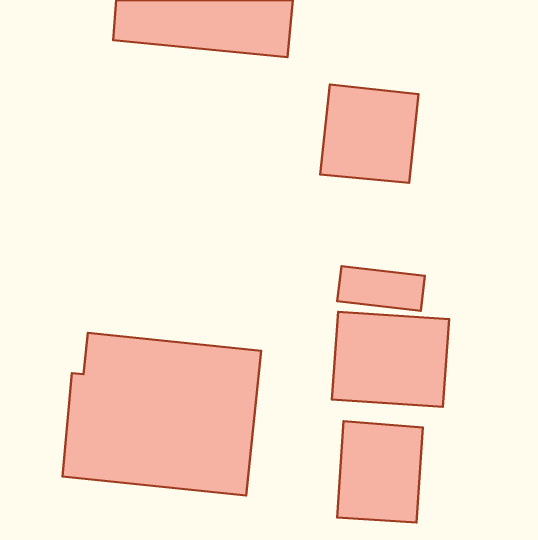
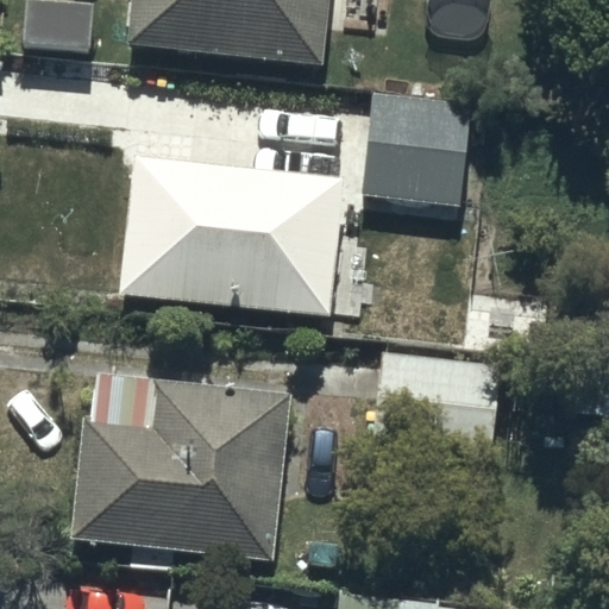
building: none -> [120,158,344,314]
building: [337,421,423,523] -> none

